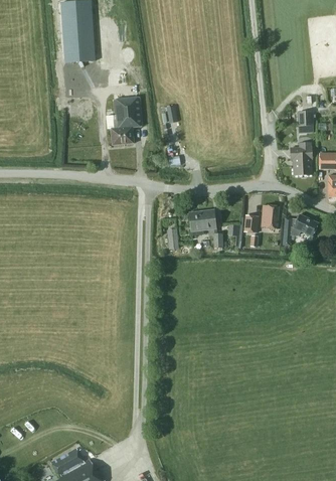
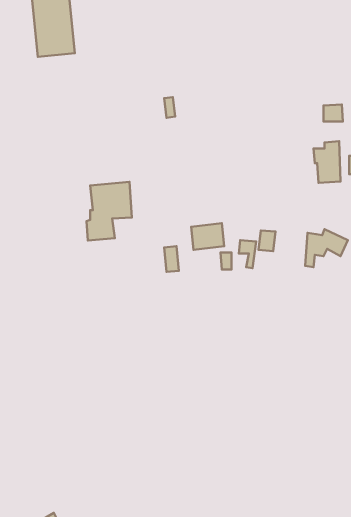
building: [111,97,148,145] -> [87,182,132,241]
building: [261,205,279,228] -> none

